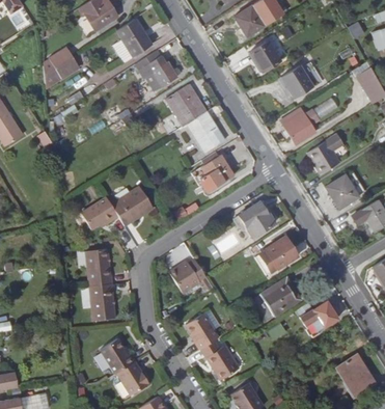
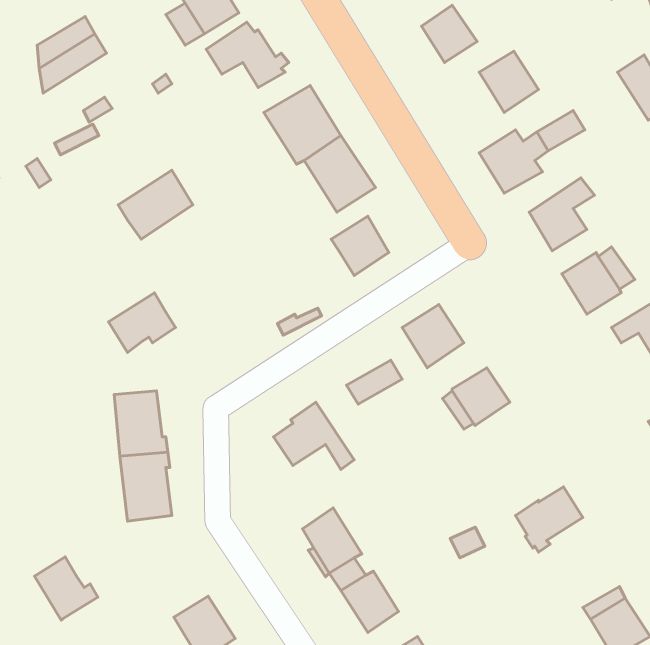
building: [113,189,154,226] -> [118,170,193,239]
building: [262,279,300,317] -> none
building: [102,339,136,374] -> [34,557,98,620]

